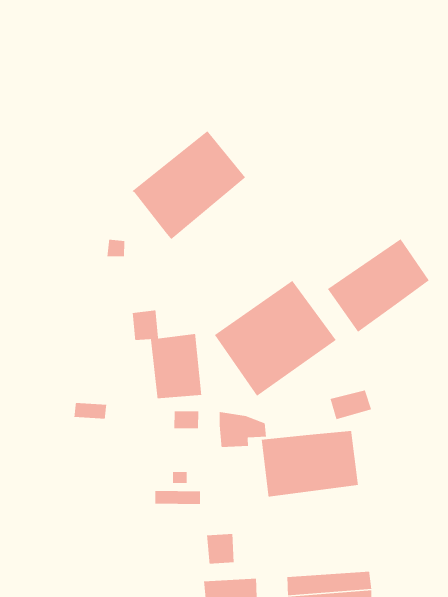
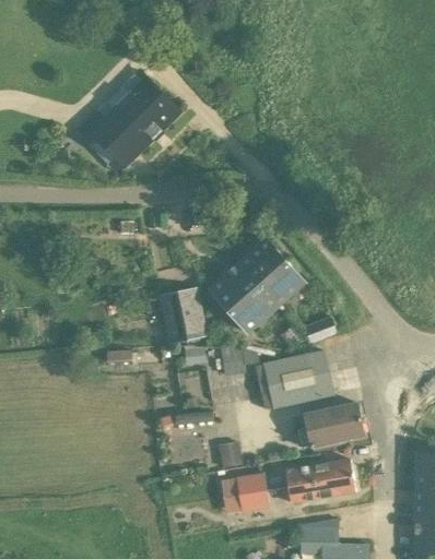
building: [131,130,246,240] -> [91,78,179,166]
building: [327,238,430,333] -> none
building: none -> [297,403,365,448]

